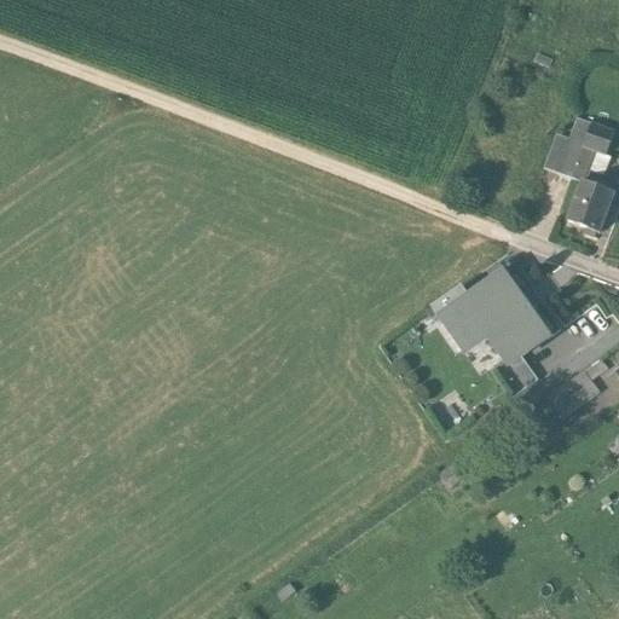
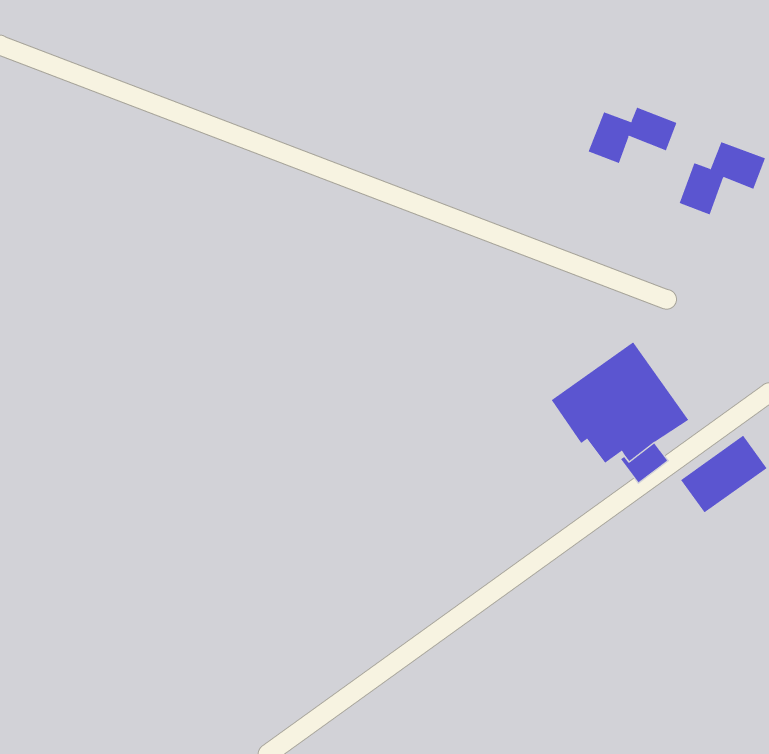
building: none -> [588,107,677,164]
building: [563,174,609,228] -> none

